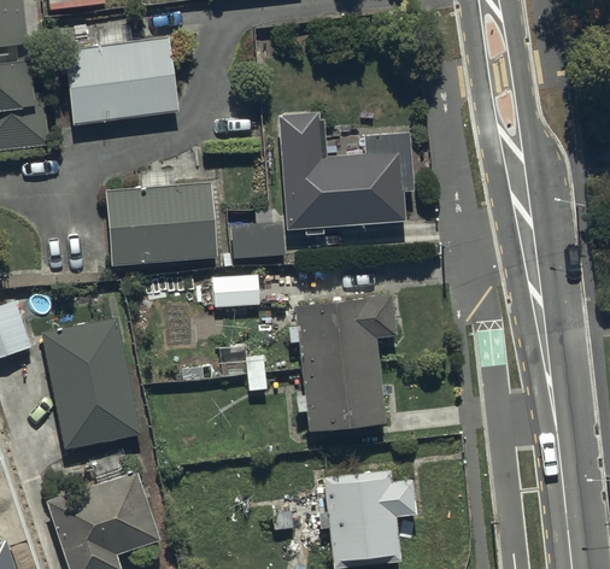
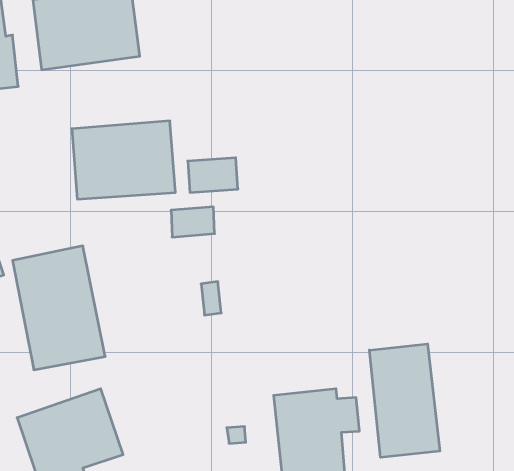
building: [277,111,413,235] -> none
building: [288,294,397,432] -> none
building: none -> [369,344,440,457]

